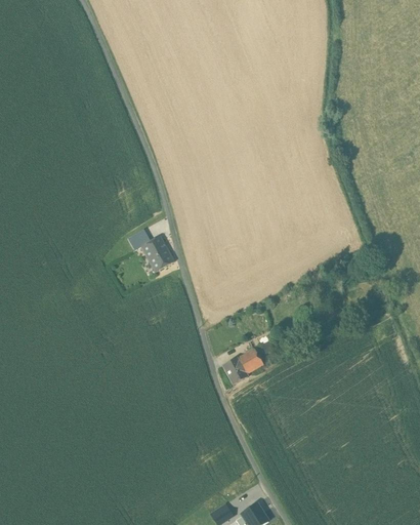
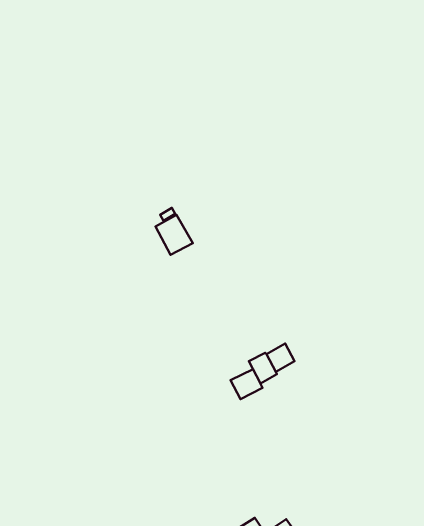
building: none -> [230,369,263,399]

